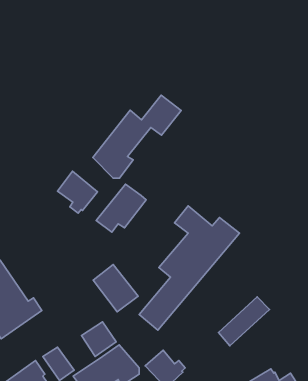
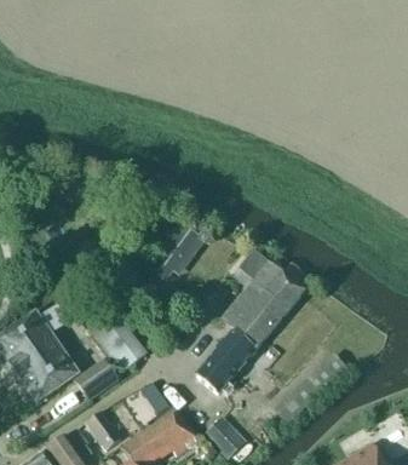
building: [93,95,181,178] -> none
building: [57,171,98,213] -> none
building: [93,265,138,312] -> [93,316,145,371]
building: none -> [74,358,117,400]

